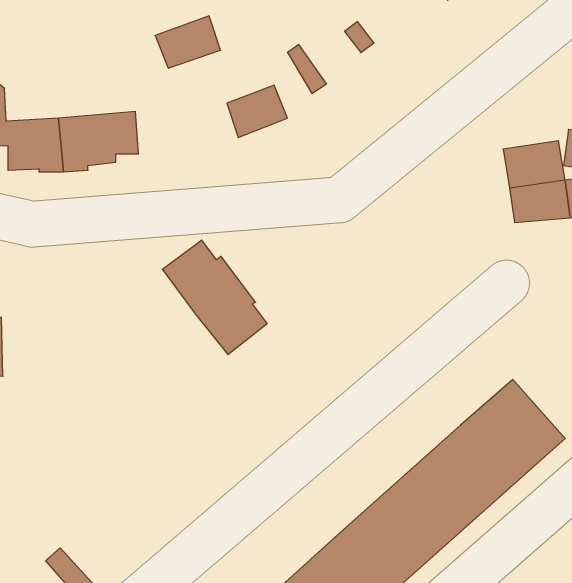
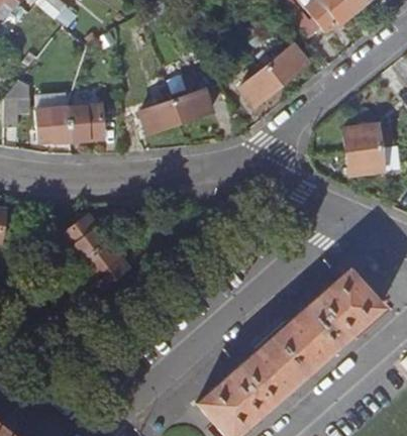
building: none -> [241,45,308,105]
building: [155,16,221,68] -> [140,100,181,132]
building: [162,240,267,355] -> [62,217,126,288]

